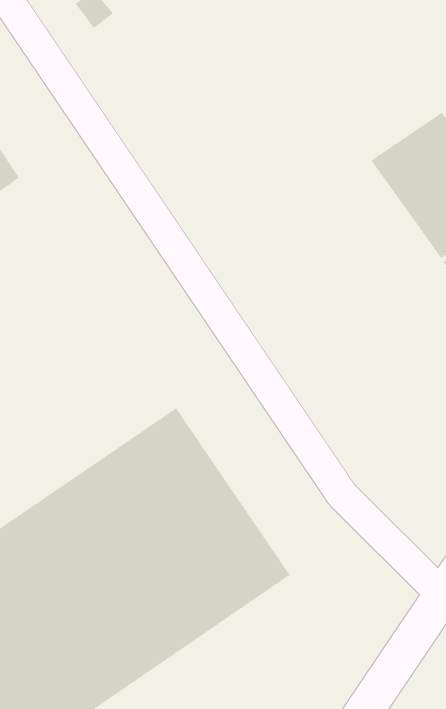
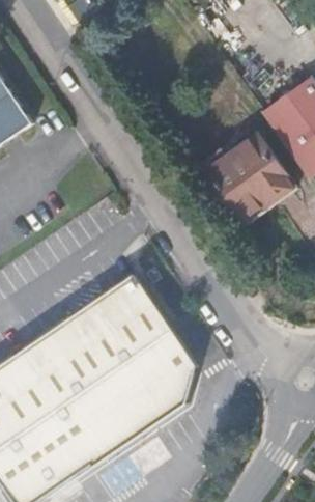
building: none -> [206,134,294,216]

